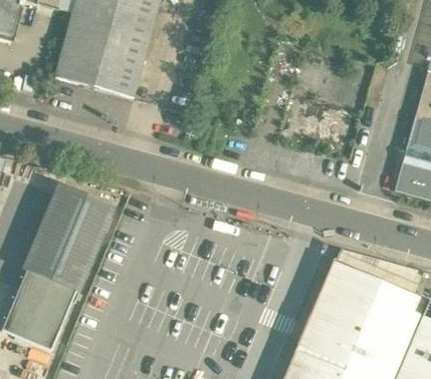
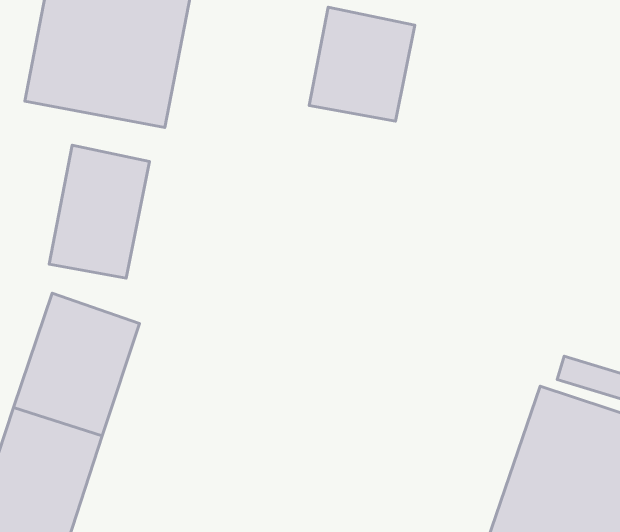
building: none -> [309,7,415,121]
building: none -> [49,145,149,278]

